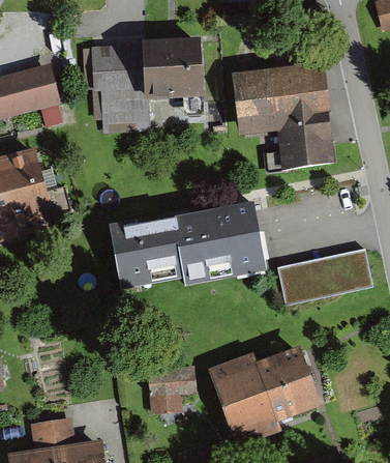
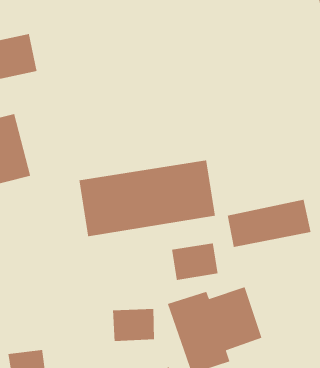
building: [93,42,203,128] -> none
building: [235,63,334,171] -> none
building: none -> [171,243,219,281]

